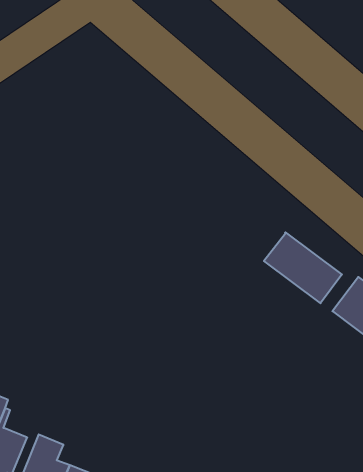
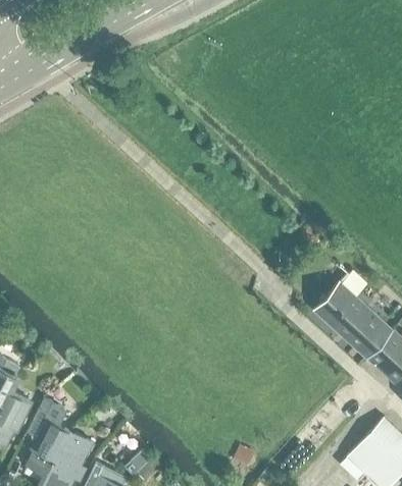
building: [264,232,342,303] -> none

